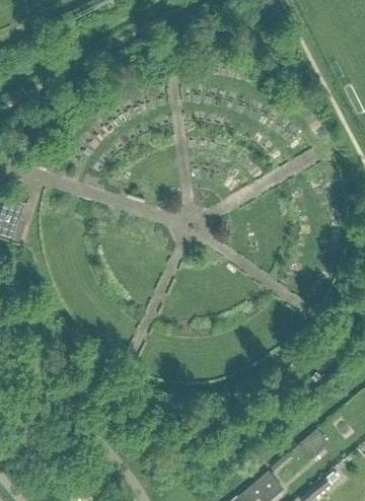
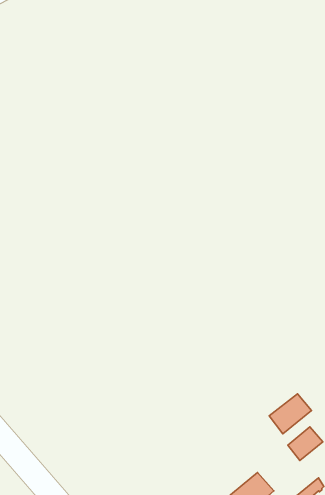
building: none -> [269,394,312,434]

